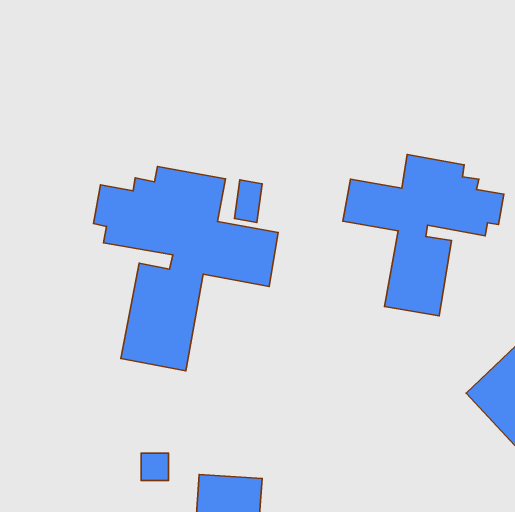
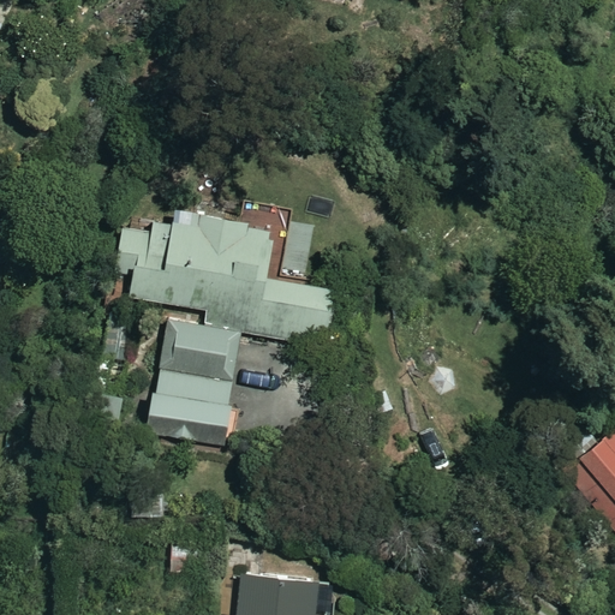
building: [343,154,504,316] -> none

